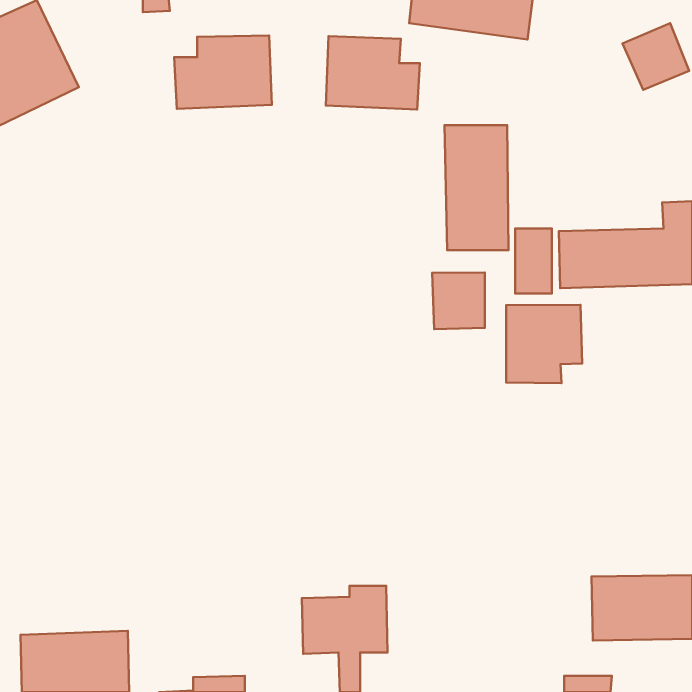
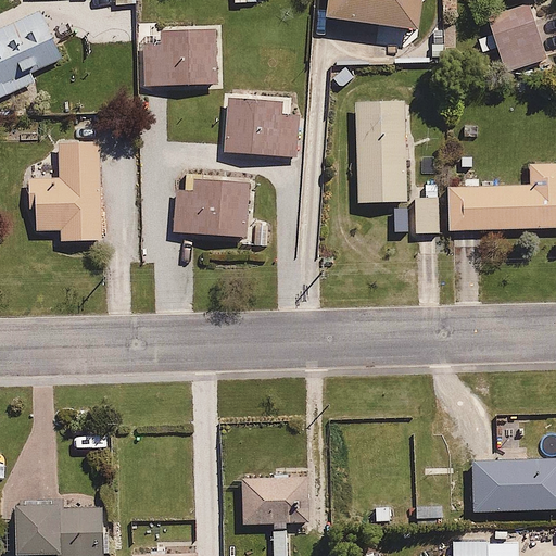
building: [326,36,420,109] -> [225,98,300,156]
building: none -> [28,143,104,243]
building: none -> [174,180,250,232]
building: [432,272,485,329] -> none
building: [506,305,582,383] -> none

